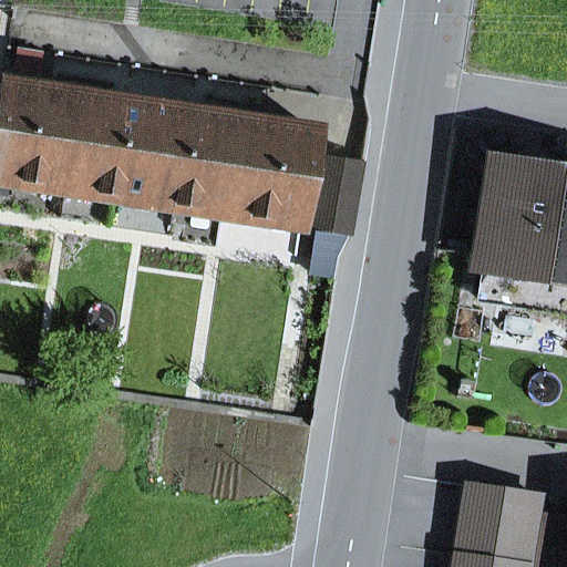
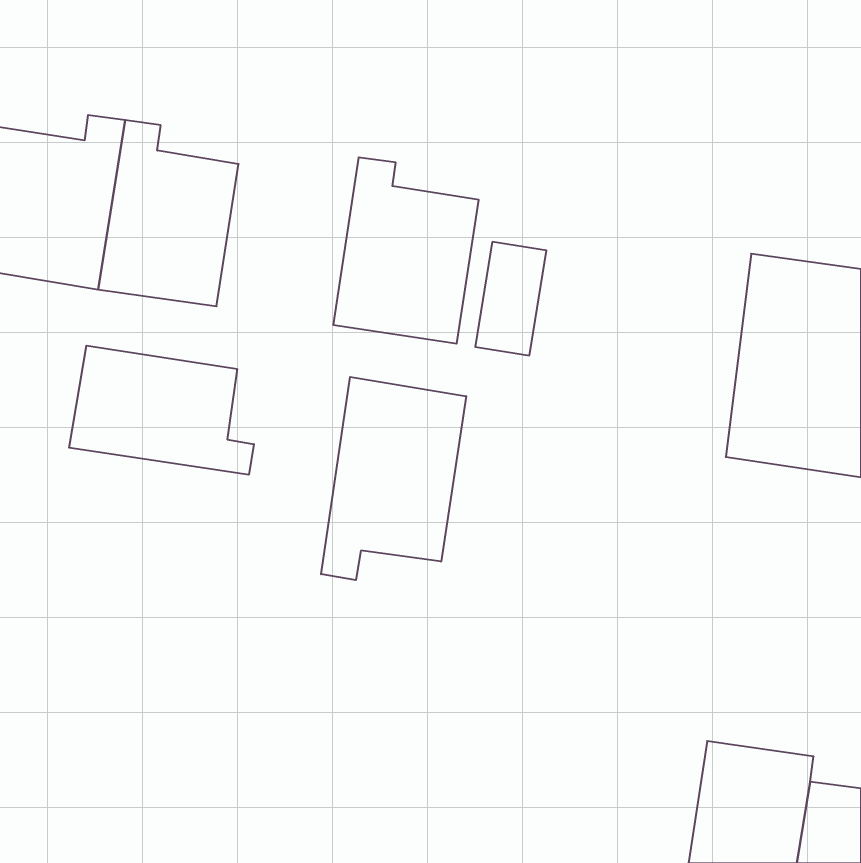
building: [142,99,235,213] -> none
building: none -> [69,346,254,475]
building: none -> [321,377,466,580]

